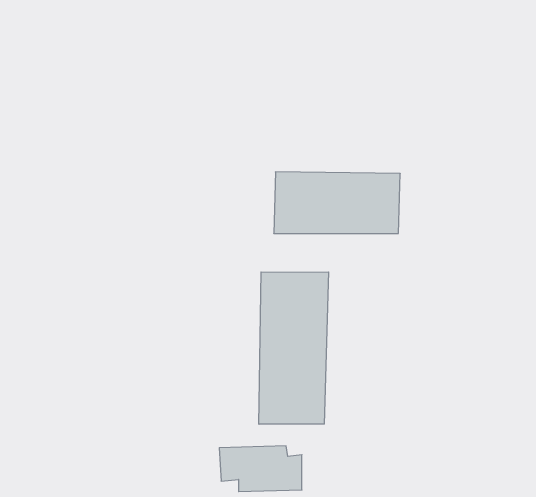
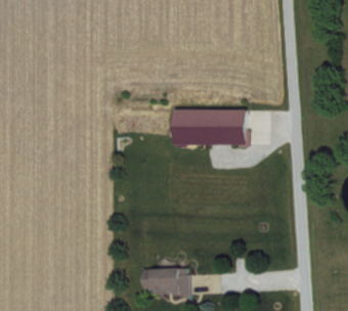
building: [259,272,328,424] -> none

